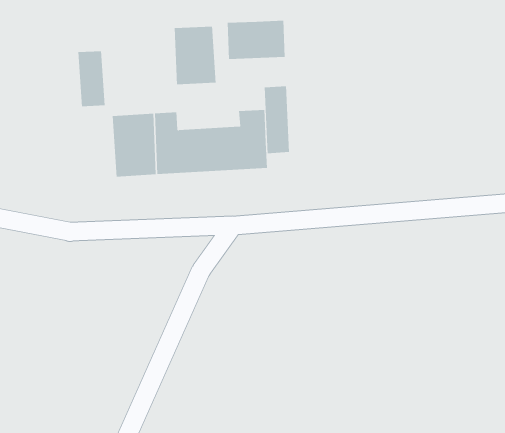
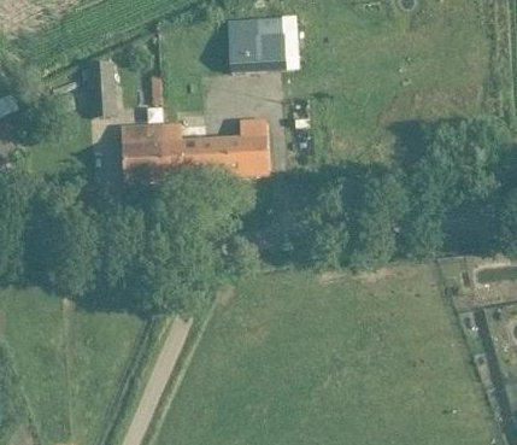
building: [174,26,216,85] -> none
building: [264,85,289,154] -> none

